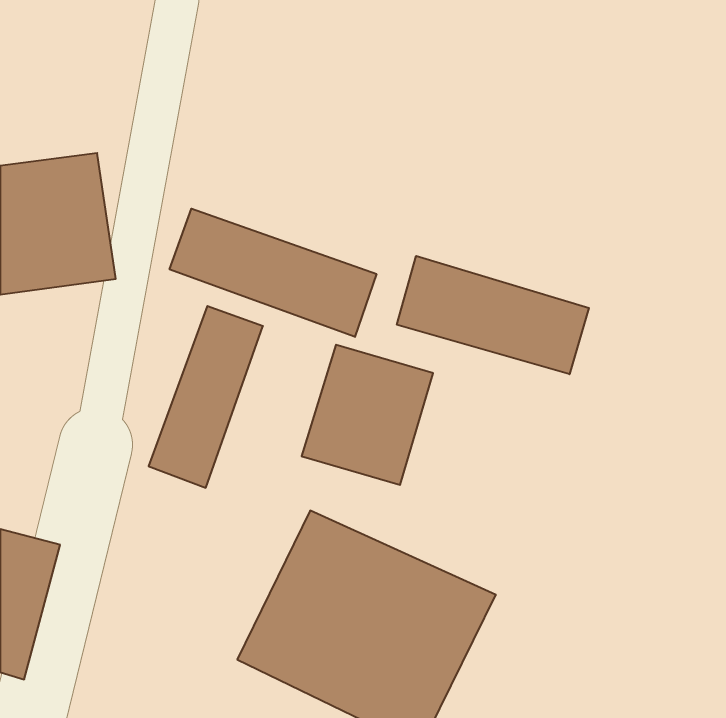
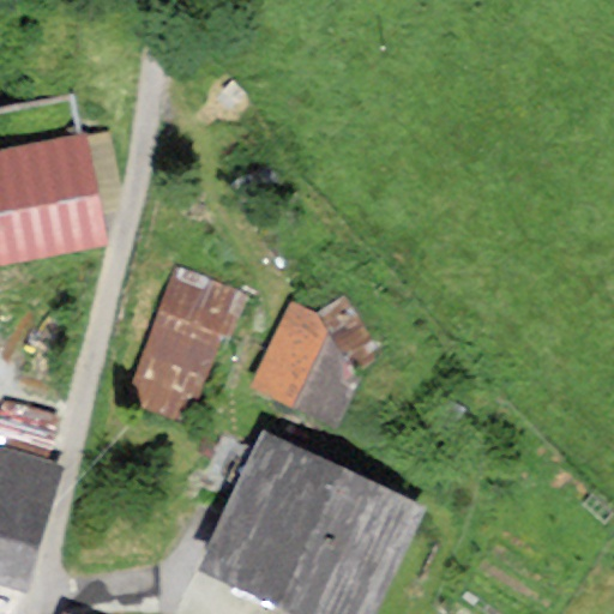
building: [170,209,376,337] -> none
building: [397,256,589,374] -> none

